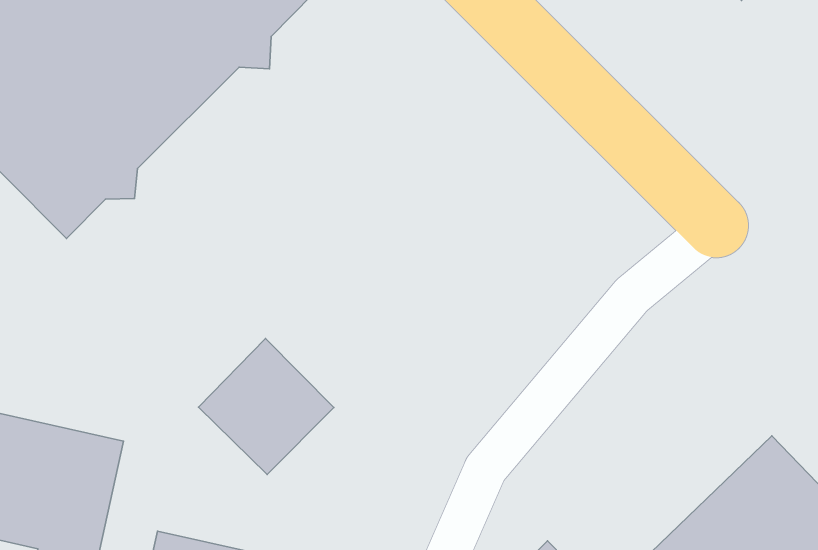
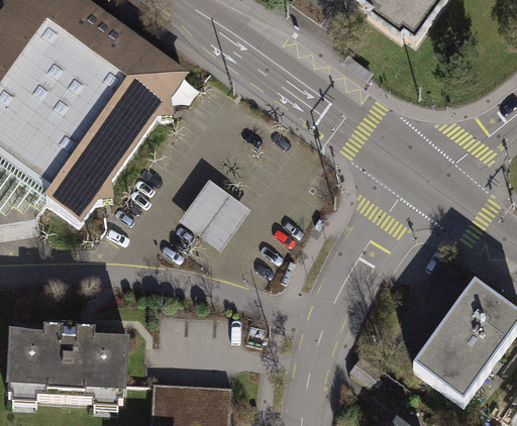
building: [198,338,334,474] -> [179,180,250,251]

